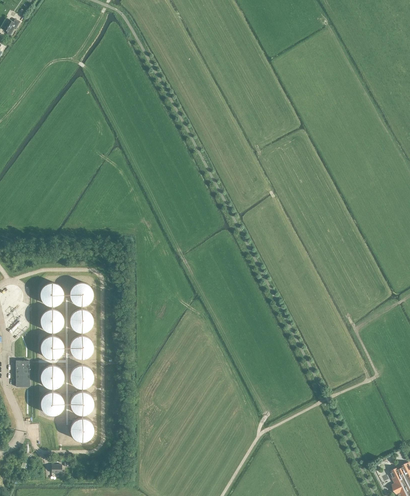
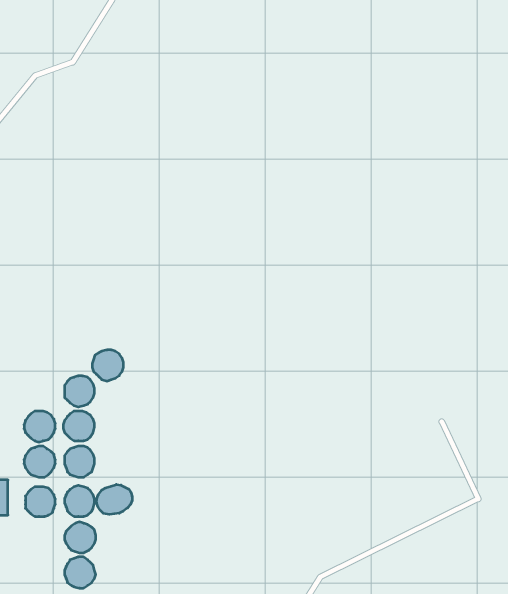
building: [40,284,63,307] -> [92,350,123,381]
building: none -> [97,484,132,514]
building: [40,392,62,415] -> none

